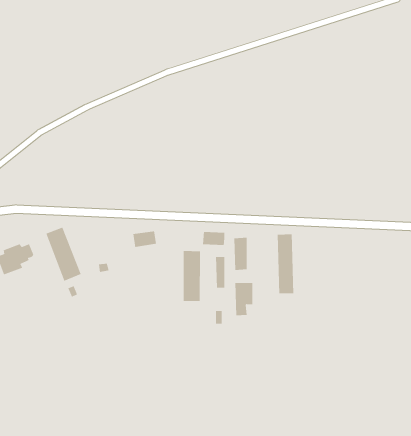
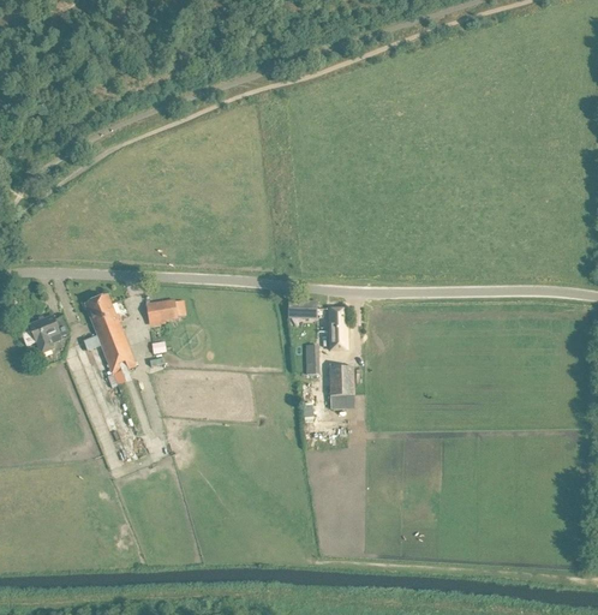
building: [133,231,157,248] -> [146,300,178,322]
building: [277,233,294,294] -> none
building: [183,250,200,302] -> none

